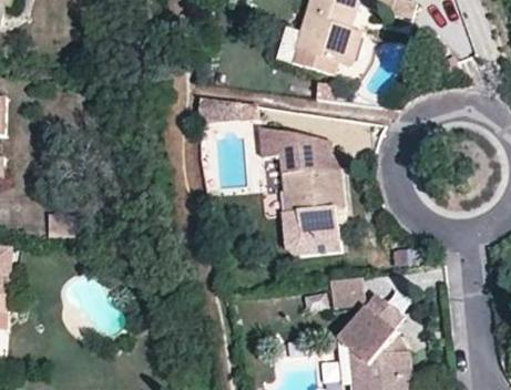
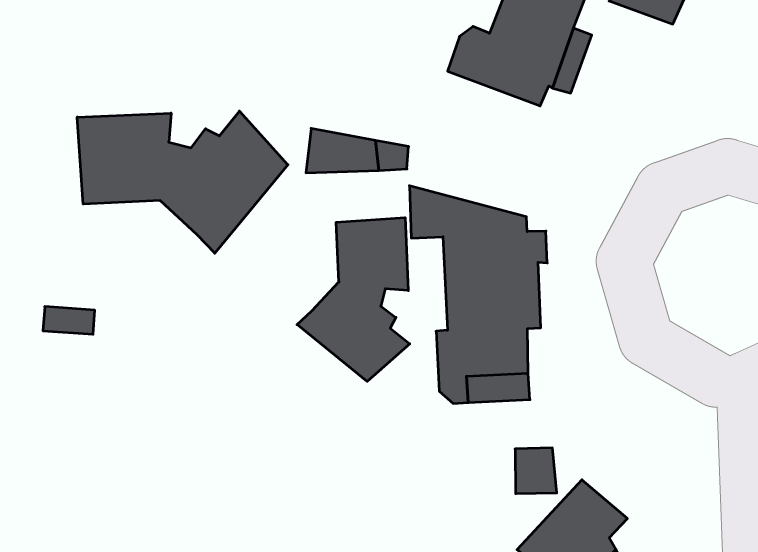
building: none -> [77,111,288,253]
building: none -> [297,218,410,381]

